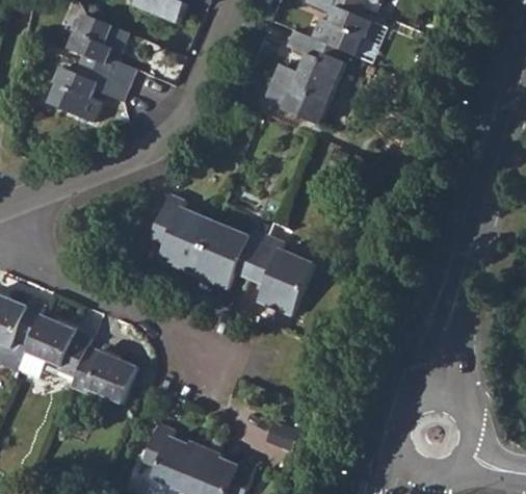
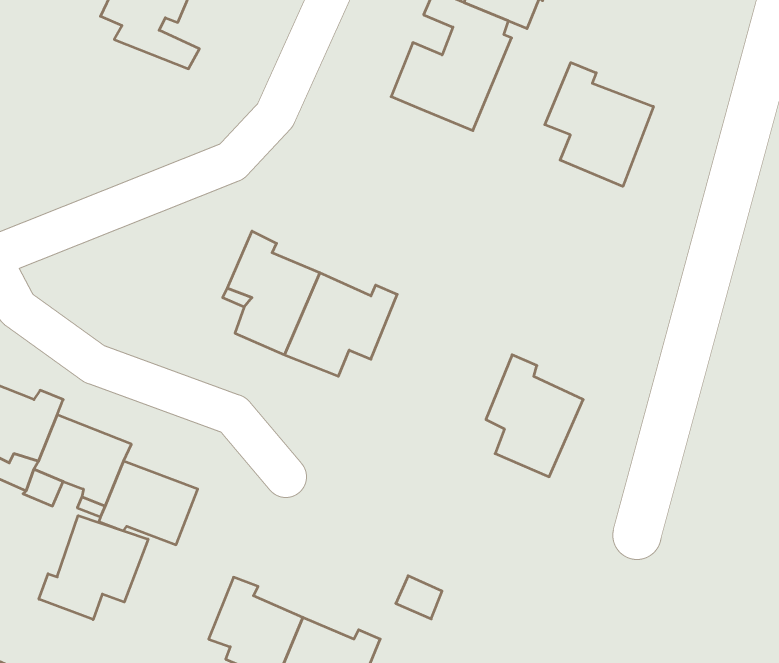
building: [47,62,127,119] -> none
building: none -> [545,63,653,186]
building: [249,234,315,316] -> [486,355,583,477]
building: none -> [39,516,148,620]

